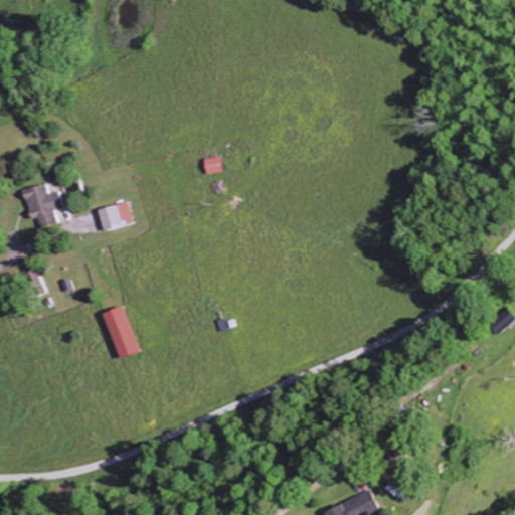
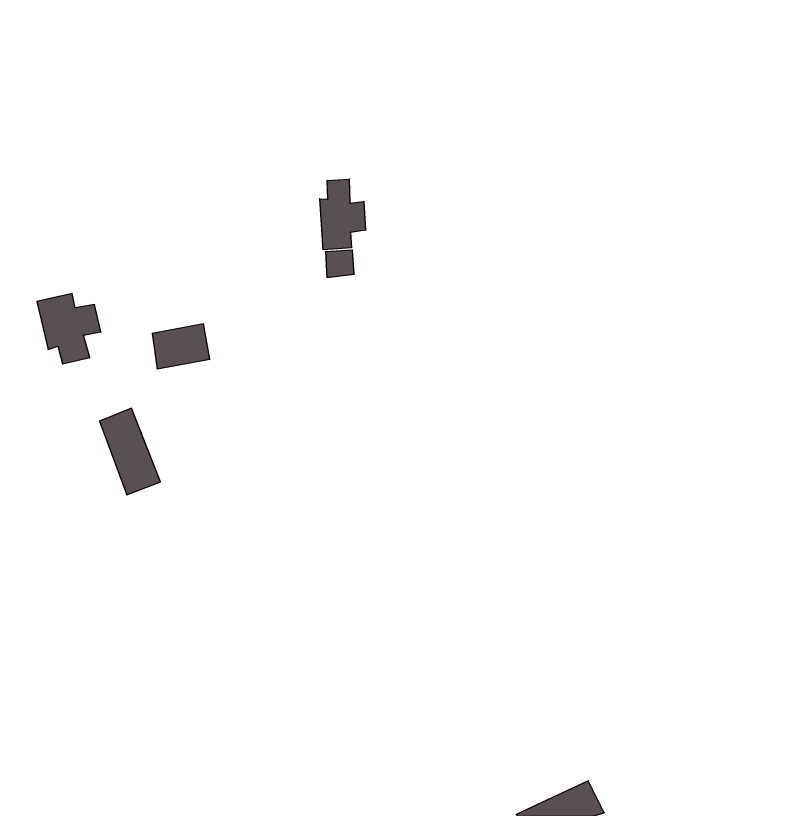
building: none -> [320,179,366,250]
building: [103,306,141,360] -> [99,408,160,495]

